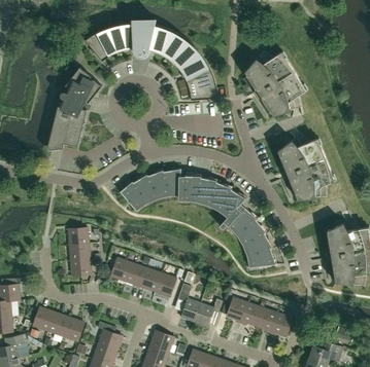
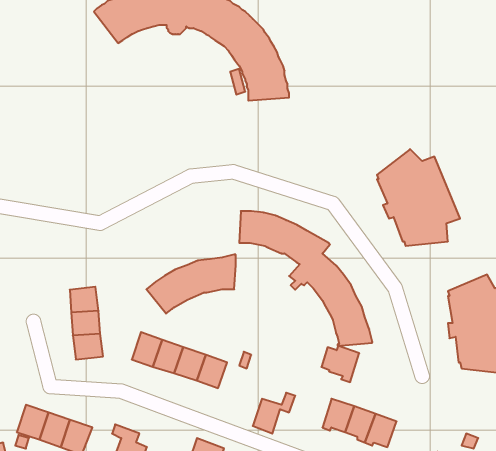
building: [244,50,306,116] -> none
building: [46,67,101,150] -> none
building: [120,169,180,209] -> [146,255,236,314]
building: [176,284,199,322] -> none
building: [221,298,246,323] -> [321,346,359,382]

